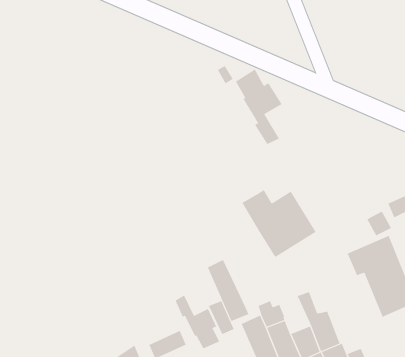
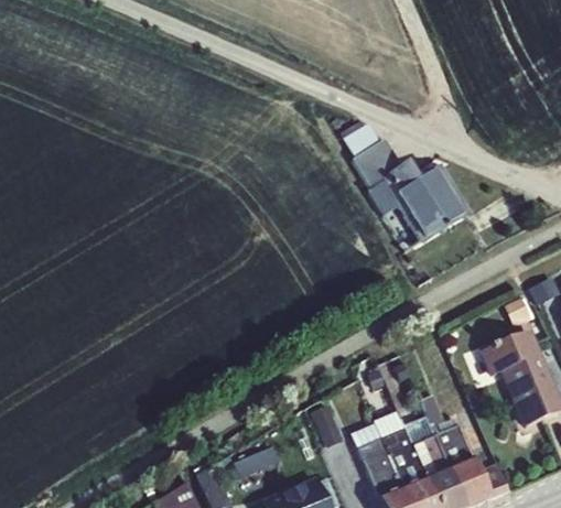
building: [241,189,317,258] -> [380,163,472,247]
building: [207,259,249,322] -> none
building: [175,295,220,349] -> none

